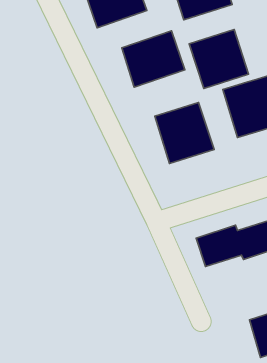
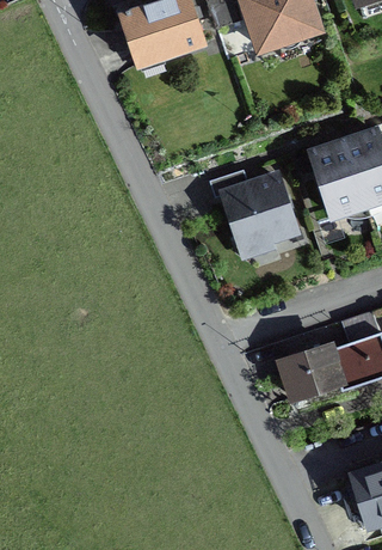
building: [189,30,248,88] -> none
building: [122,31,185,87] -> none

